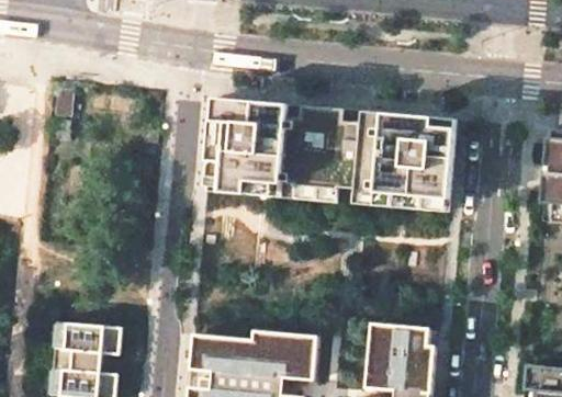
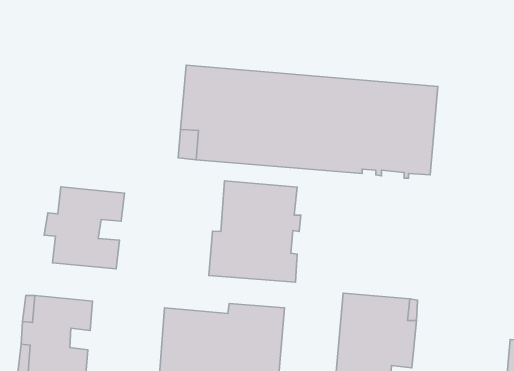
building: none -> [209,181,301,282]
building: none -> [44,187,124,269]

